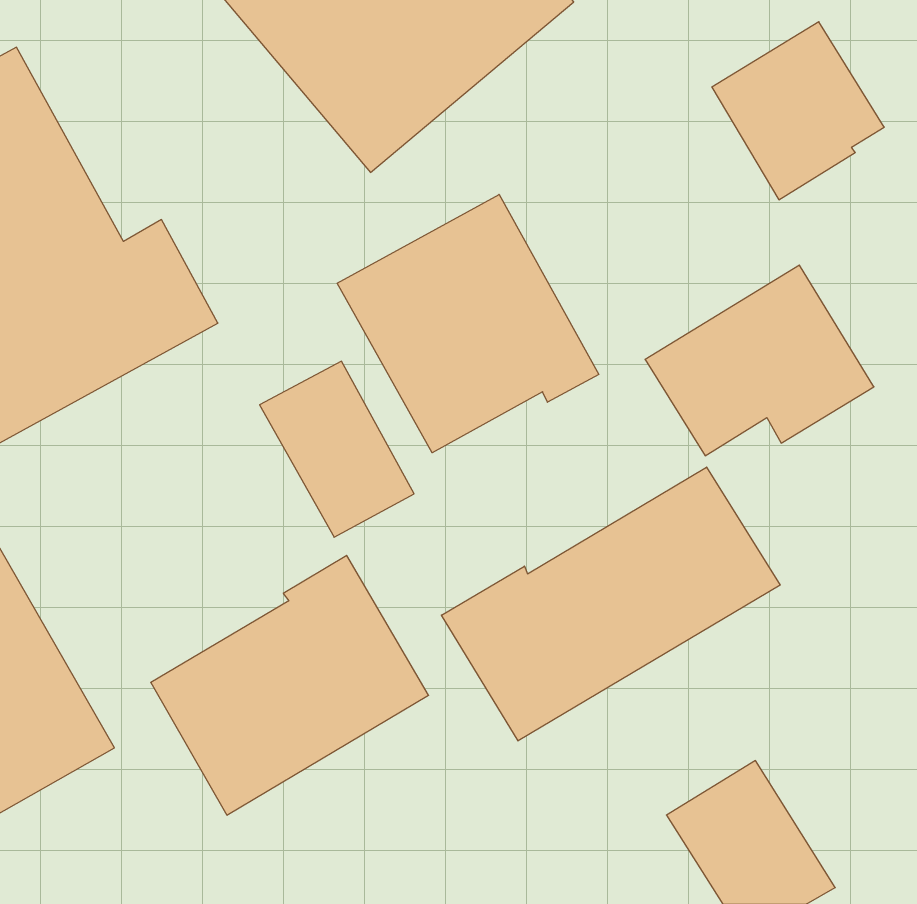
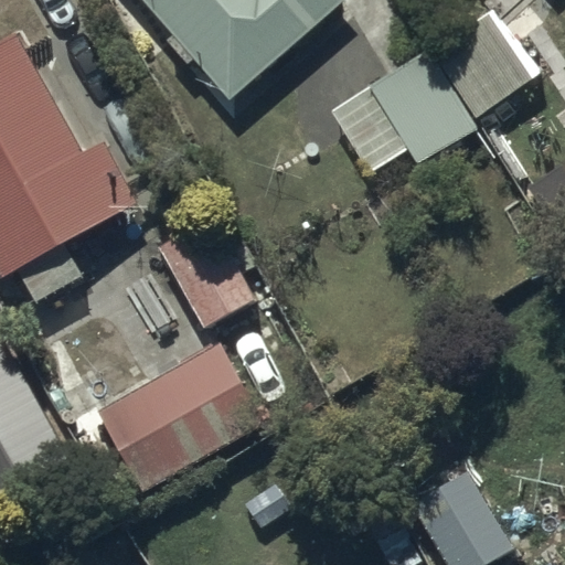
building: [337,194,599,453] -> none
building: [645,265,874,456] -> [333,54,472,170]
building: [441,467,780,741] -> none

